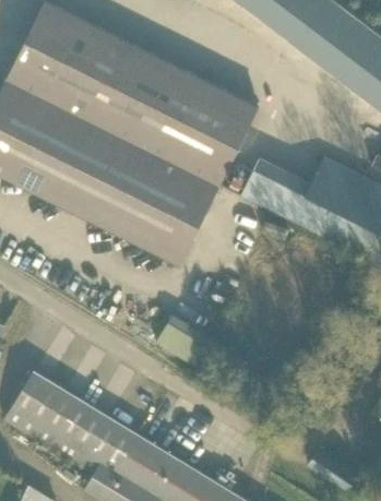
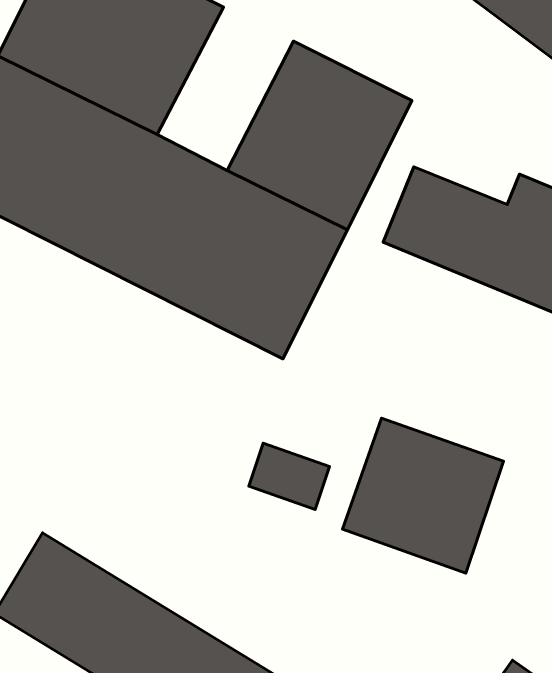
building: [103,51,186,151] -> none
building: none -> [343,418,504,573]

